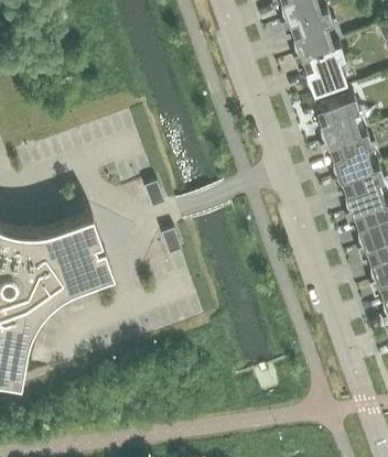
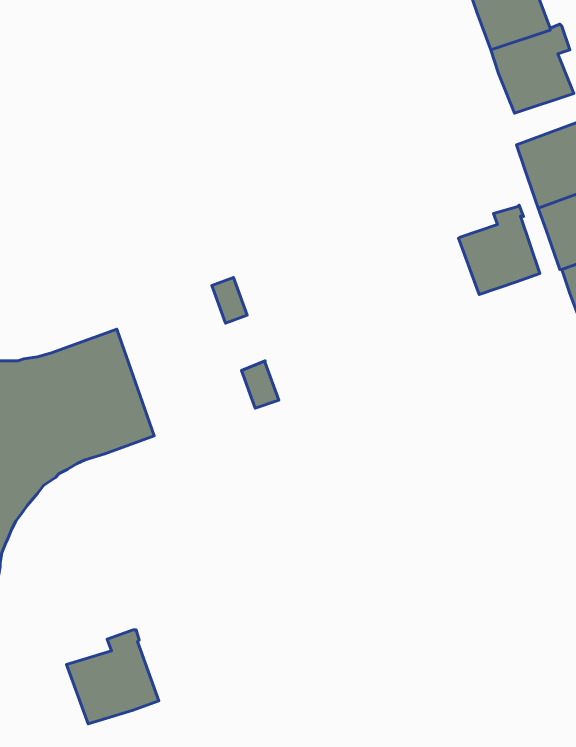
building: none -> [459,205,540,294]
building: none -> [67,630,159,724]

